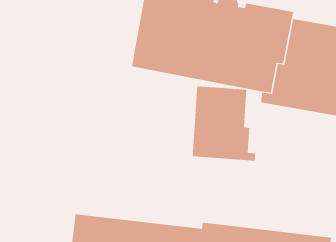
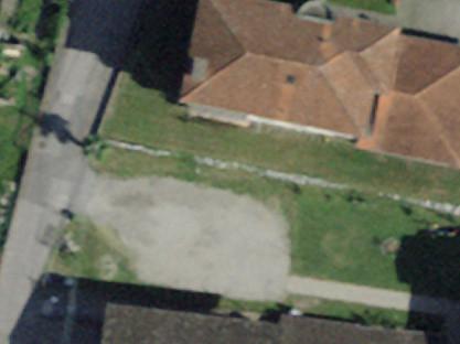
building: [192,86,256,162] -> none

